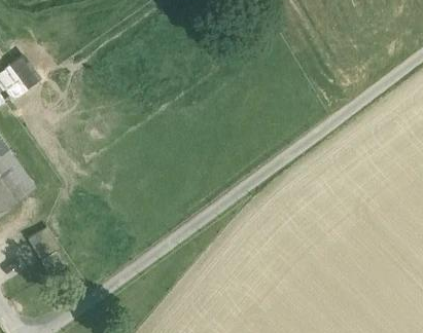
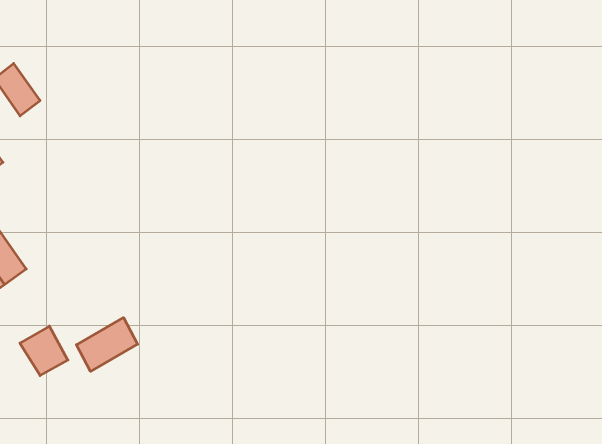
building: none -> [76,318,138,371]

